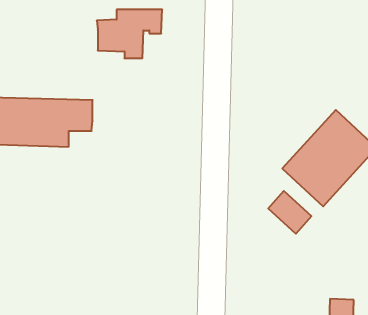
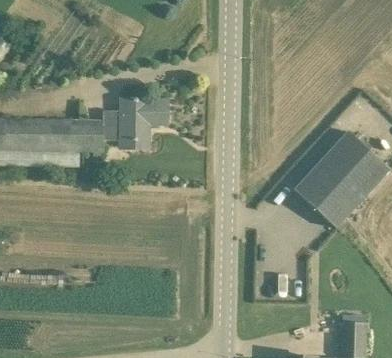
building: [97,10,162,58] -> [102,100,168,149]
building: [268,191,311,234] -> none

